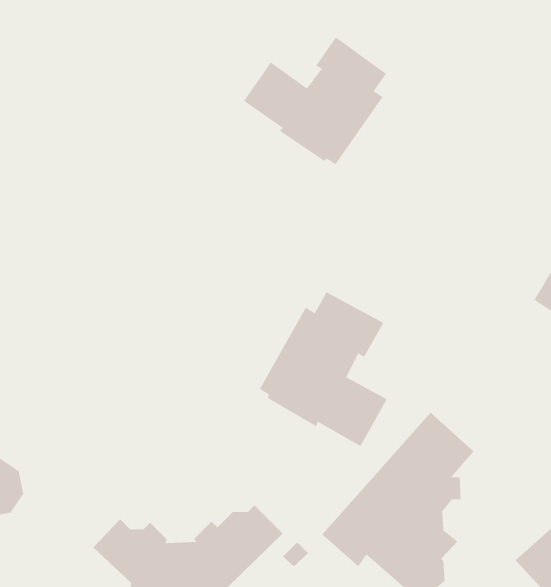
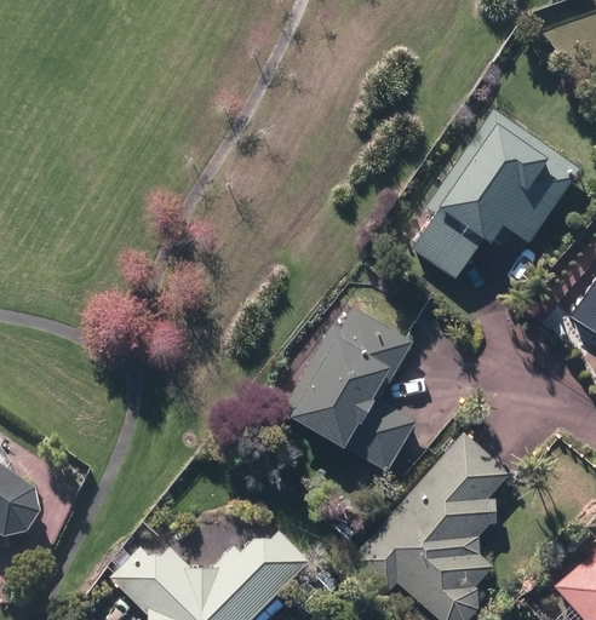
building: [243,37,387,165] -> none
building: none -> [412,109,580,280]

